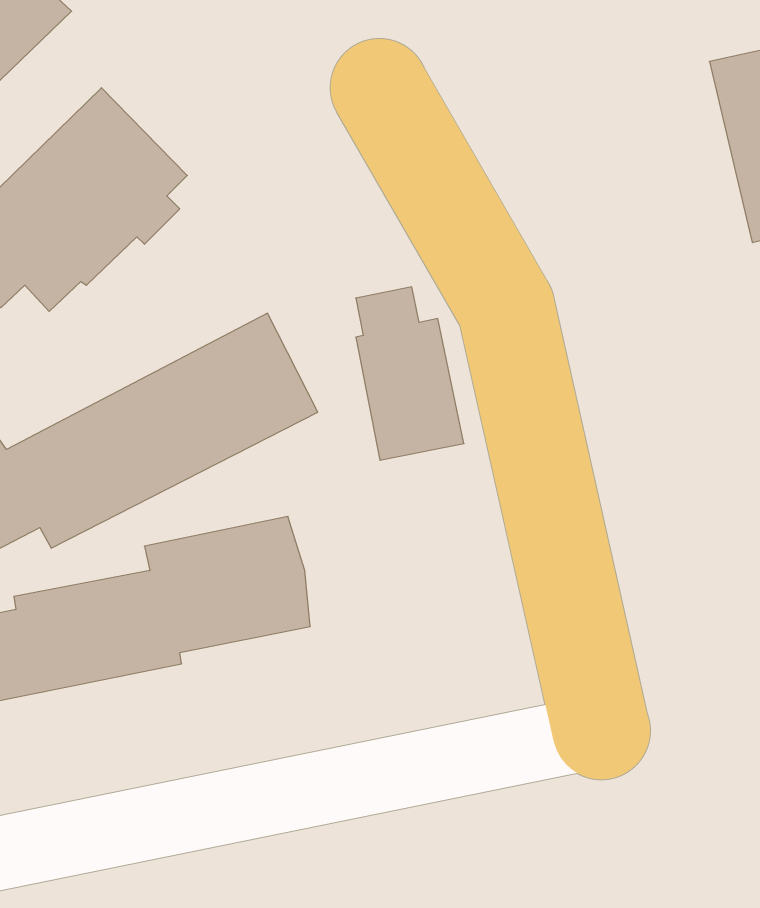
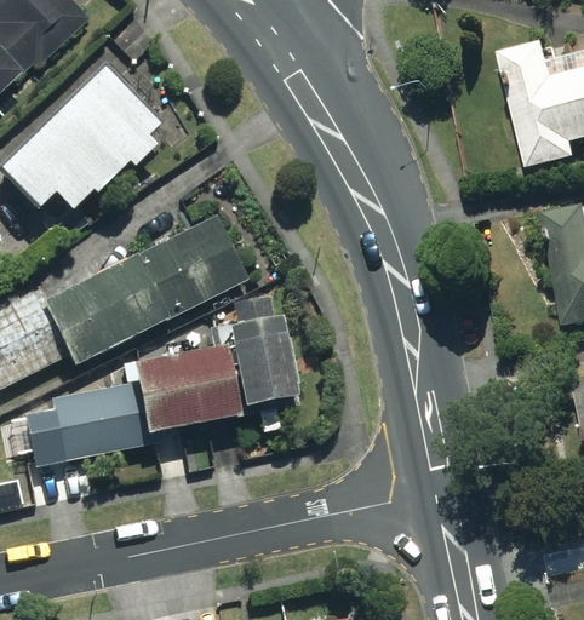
building: [356,287,464,460] -> [231,295,302,408]

